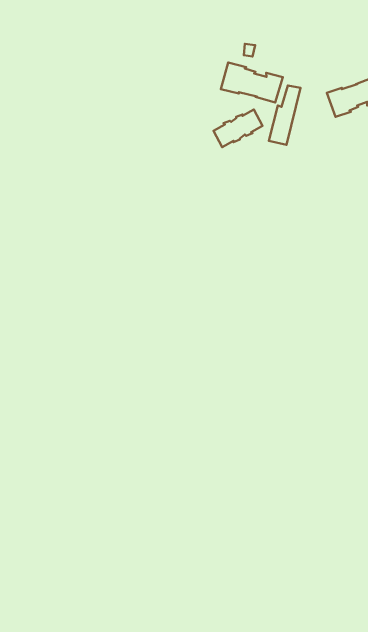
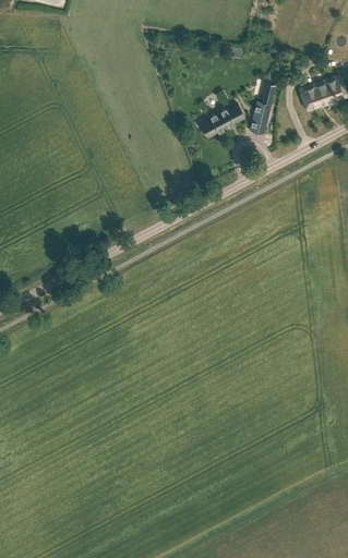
building: [221,63,283,102] -> none

